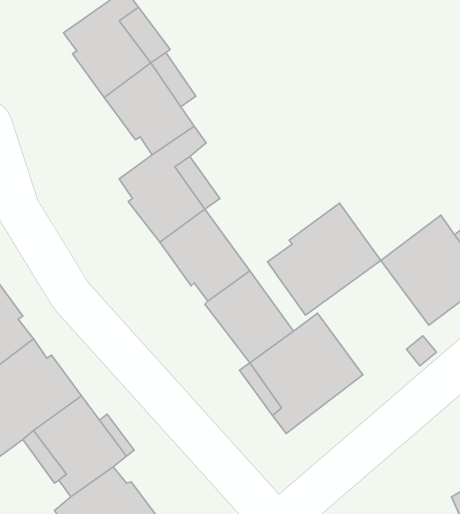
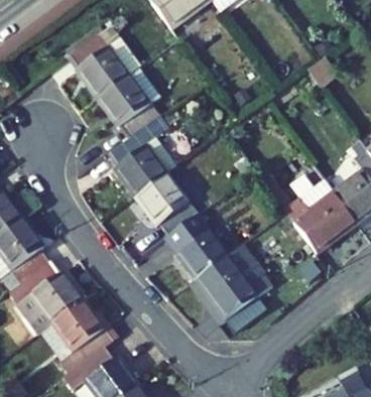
building: [267,203,381,315] -> none

